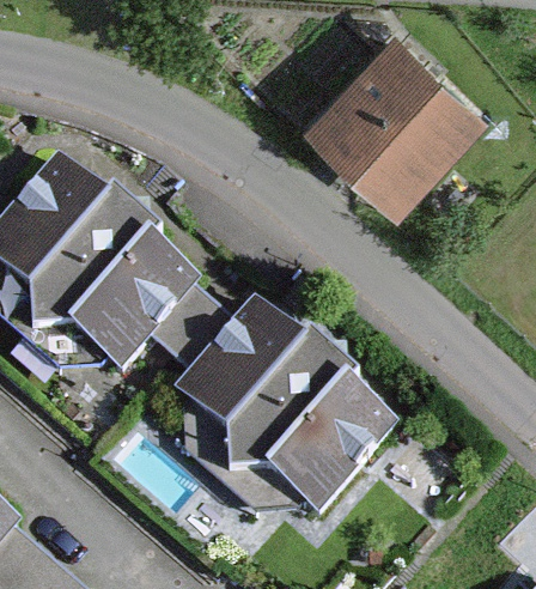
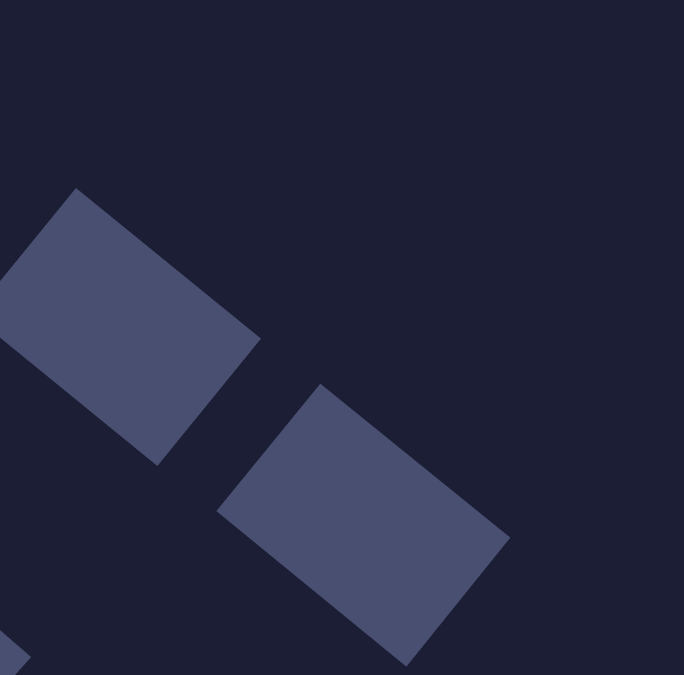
building: [307,22,483,198] -> none

